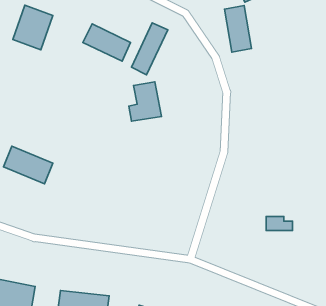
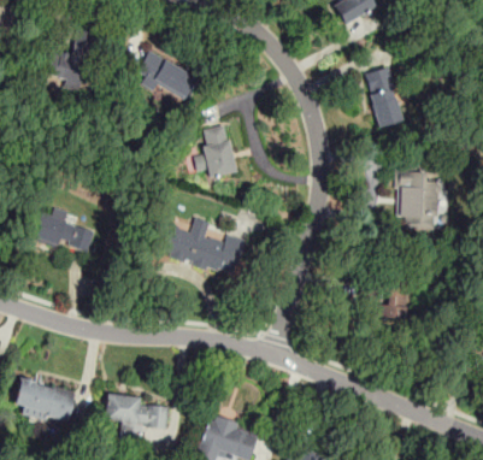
building: [224,5,251,52] -> [366,67,401,128]
building: [132,23,168,75] -> none
building: none -> [396,173,438,229]
building: none -> [163,218,246,272]

